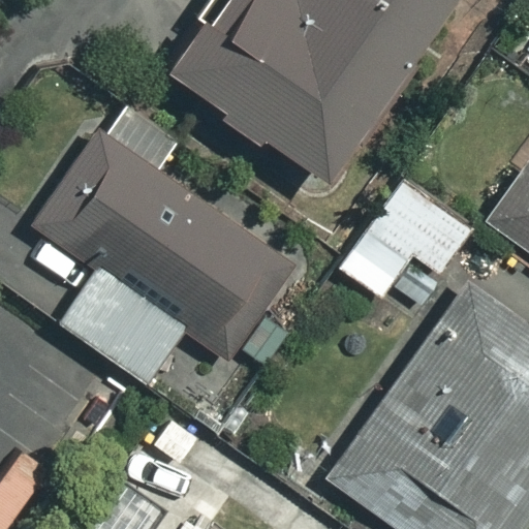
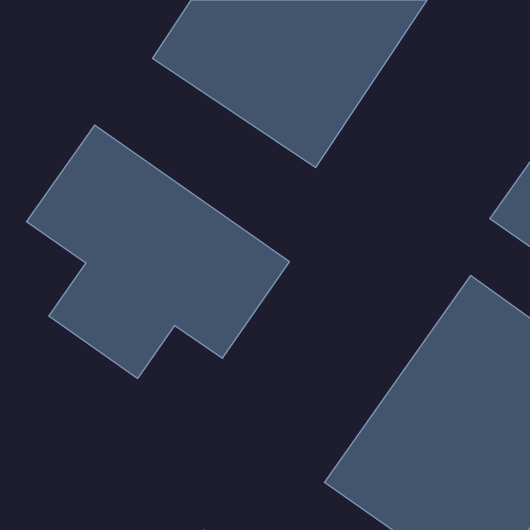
building: [338,178,475,300] -> none

